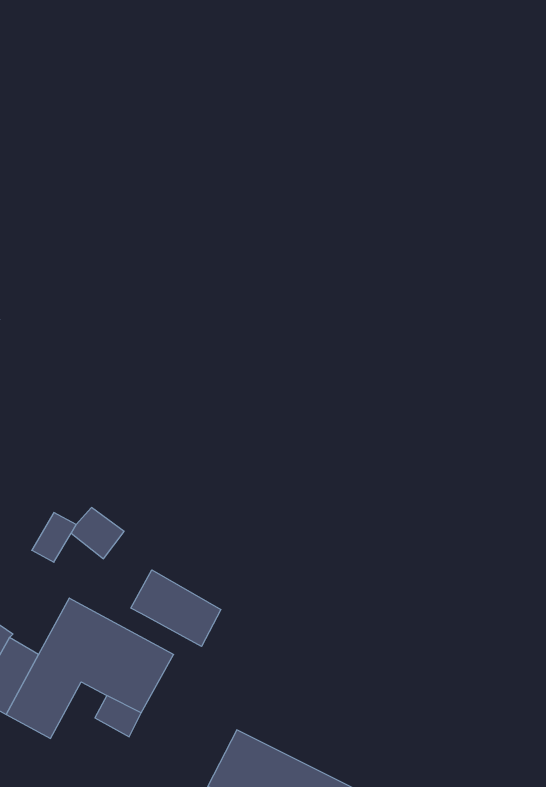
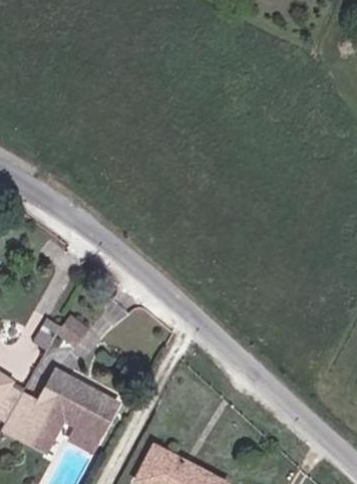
building: [131,570,221,646] -> none

